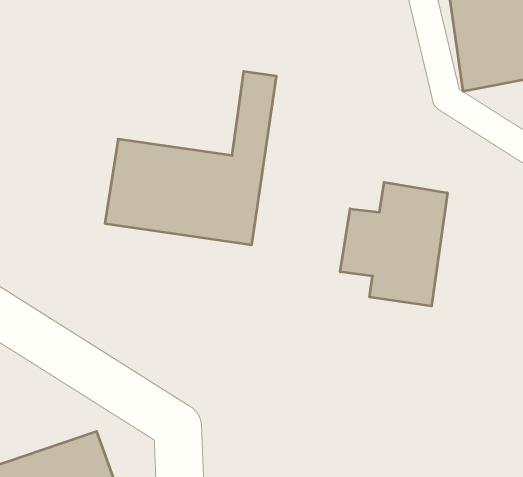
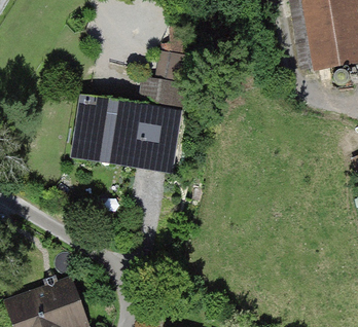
building: [340,182,447,306] -> none

